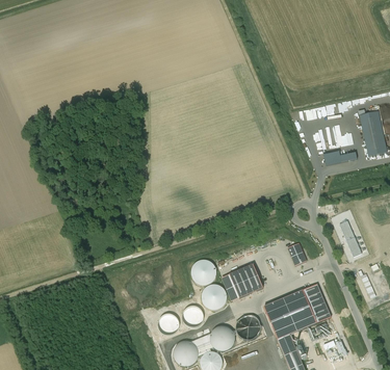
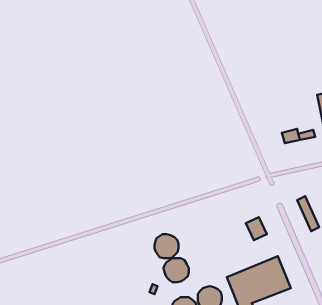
building: [230,263,264,296] -> none

